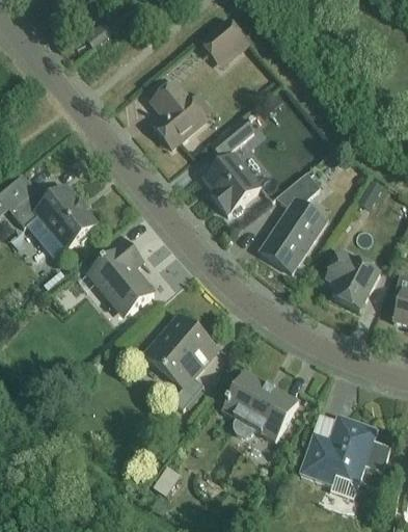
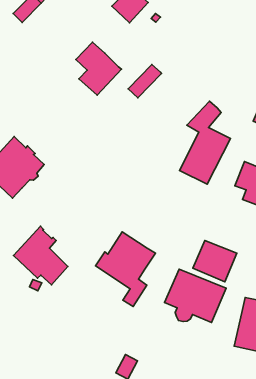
building: [203,153,262,215] -> none
building: [89,240,154,313] -> [13,226,68,285]
building: none -> [193,241,237,282]

